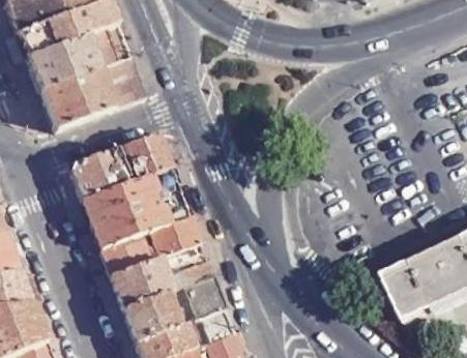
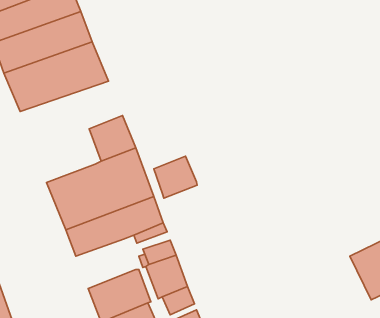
building: [68,146,129,200] -> none
building: none -> [154,156,197,198]
building: [110,258,171,308] -> none

